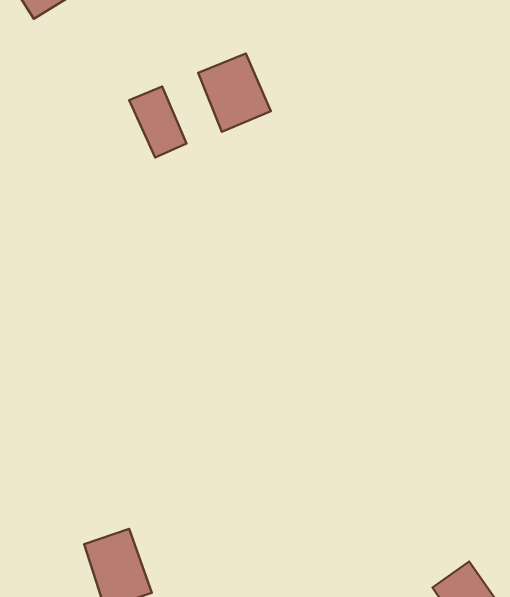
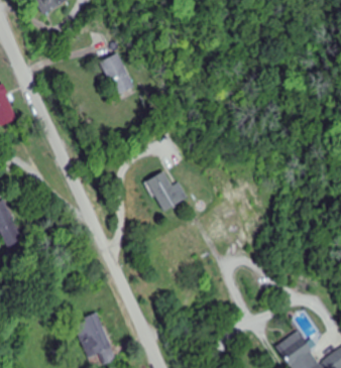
building: [198,53,271,132] -> none
building: none -> [146,169,184,211]

